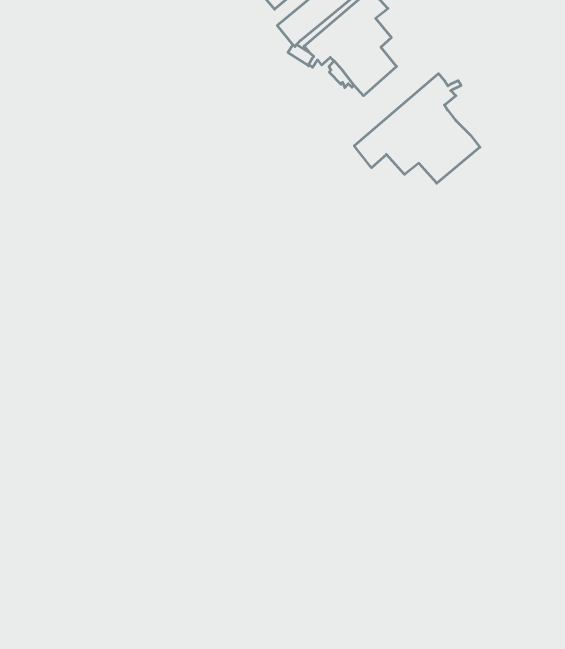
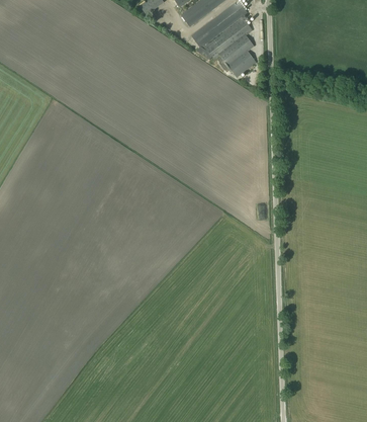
building: [354,74,480,183] -> none

